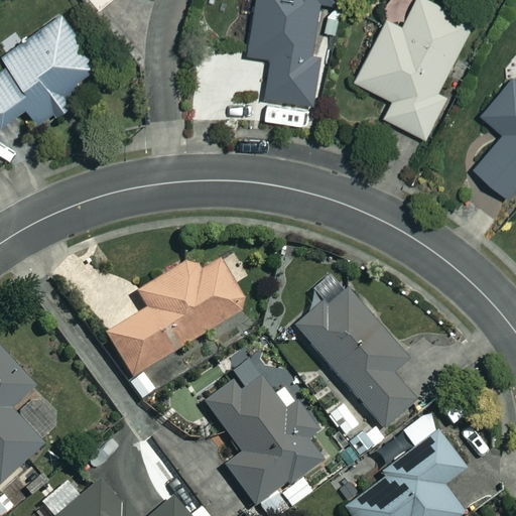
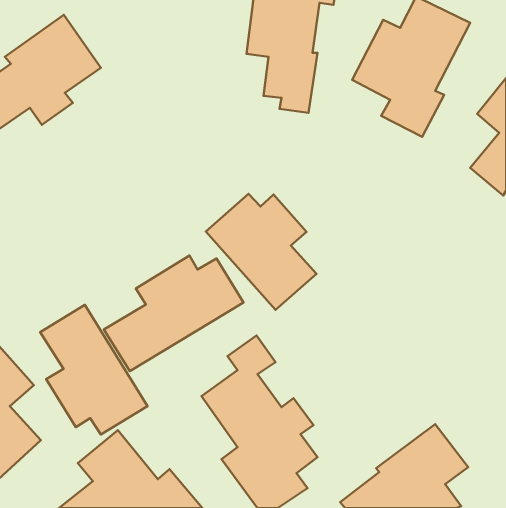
building: none -> [206,194,317,310]
building: [292,290,417,427] -> none
building: none -> [40,305,147,434]

